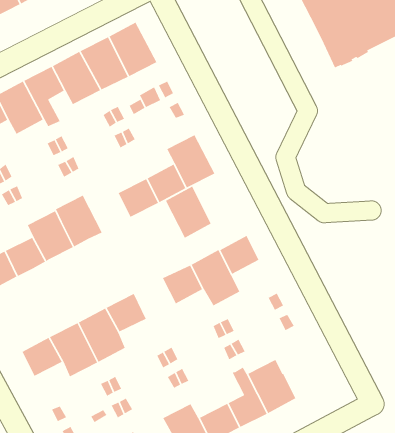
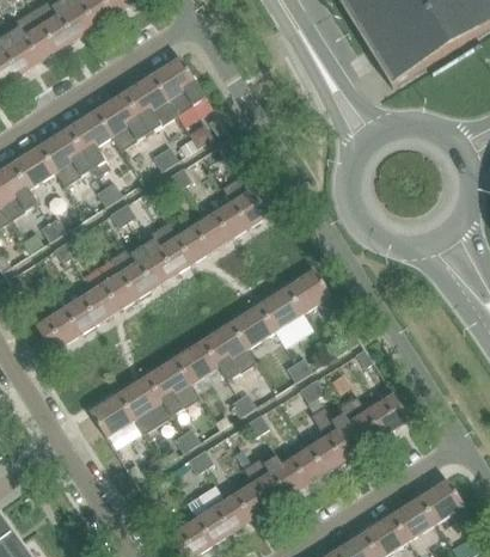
building: [165,186,212,239] -> [140,224,191,280]
building: none -> [202,322,256,380]
building: none -> [366,393,409,435]

